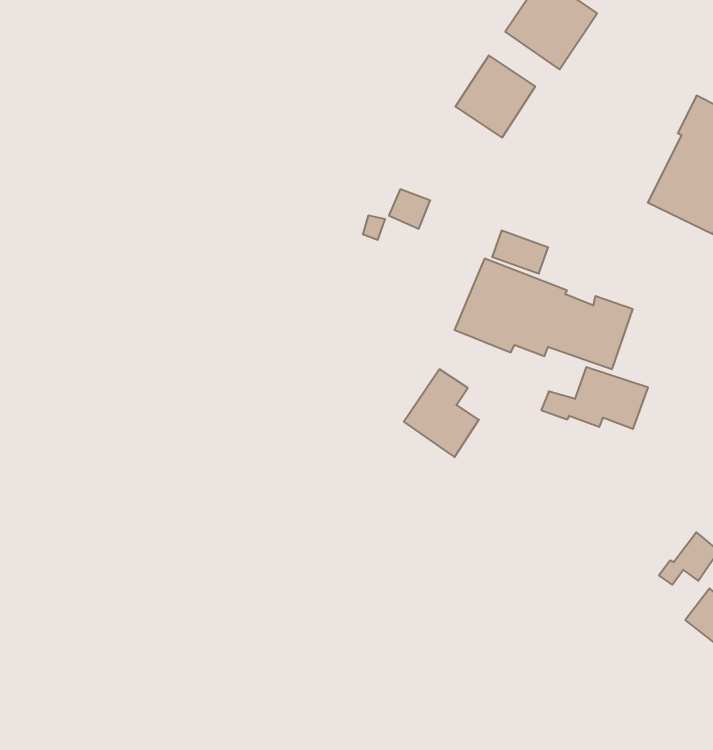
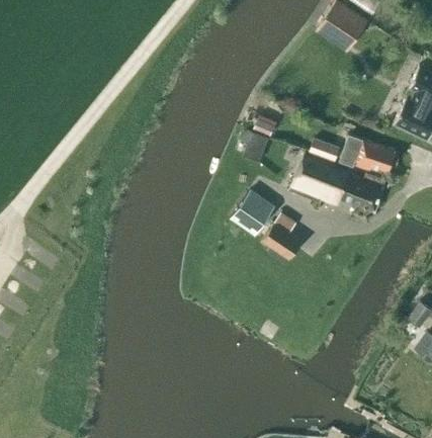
building: [456,55,535,138] -> none
building: none -> [232,191,275,235]
building: [541,367,648,429] -> [340,139,398,172]

